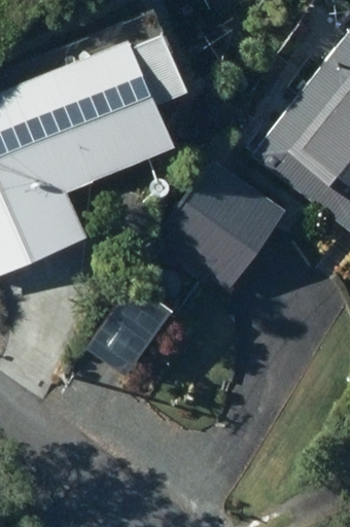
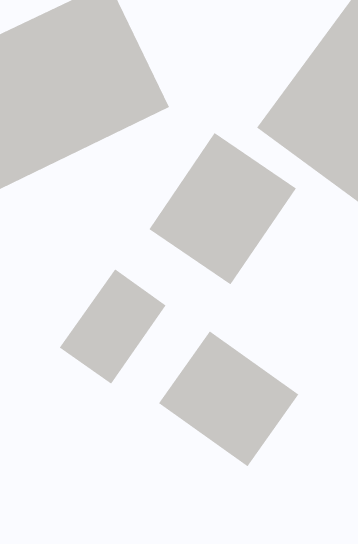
building: none -> [158,330,299,467]

